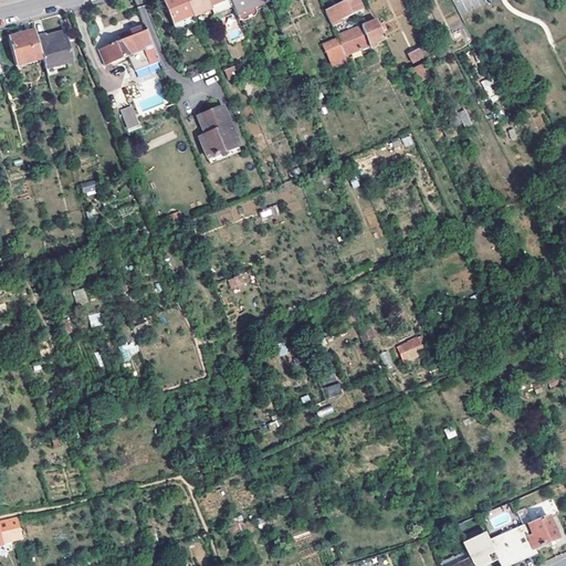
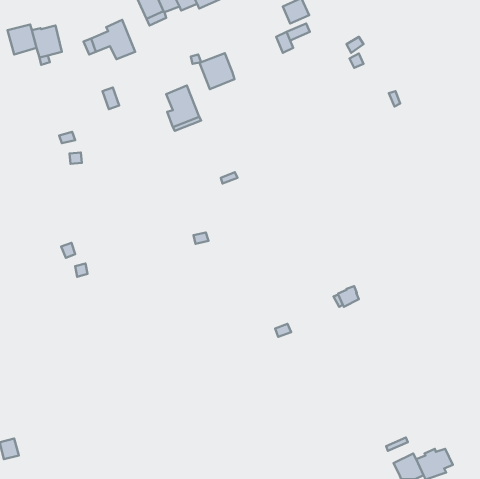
building: [342,20,385,56] -> none
building: none -> [199,53,235,89]
building: [524,515,558,548] -> none

